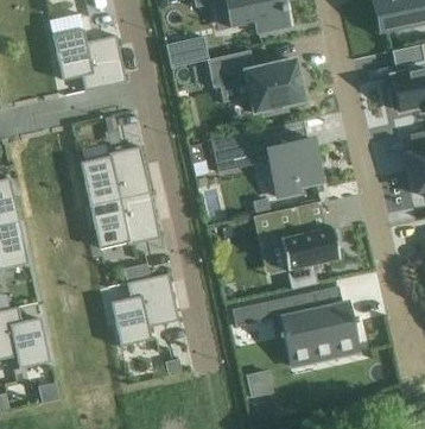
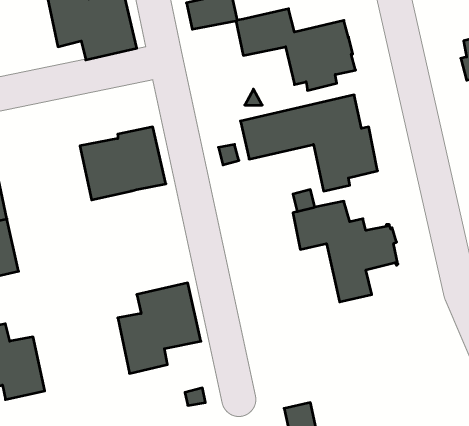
building: [88,193,158,250] -> none
building: [230,286,359,366] -> none

